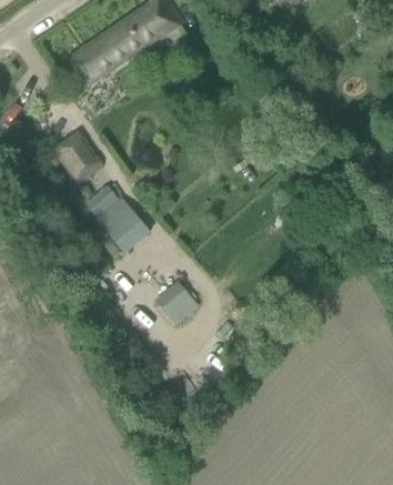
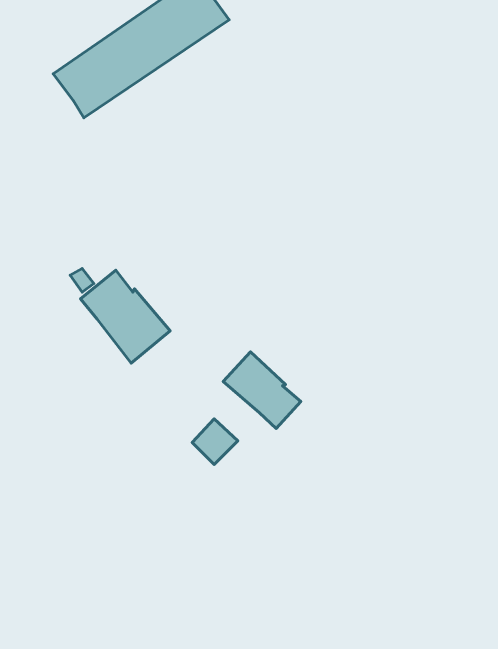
building: [53,132,102,182] -> none
building: none -> [223,352,301,429]

